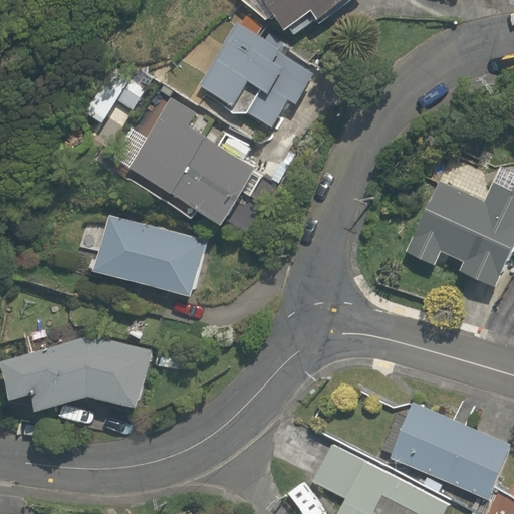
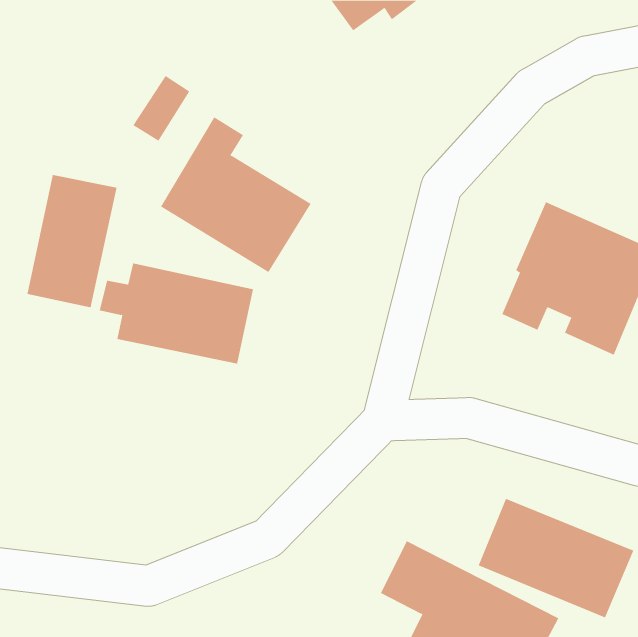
building: [202,24,317,128] -> none
building: none -> [27,174,117,308]
building: [19,339,168,426] -> none

